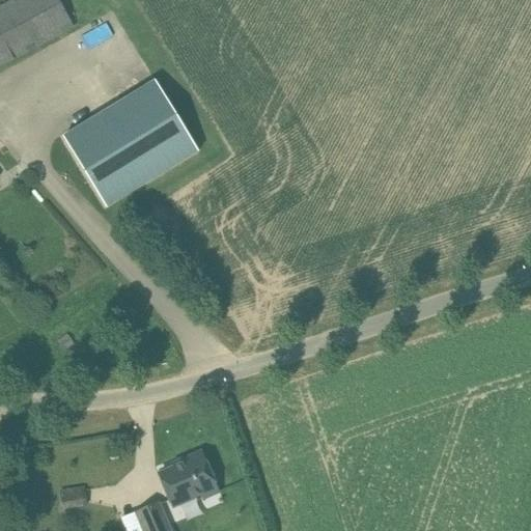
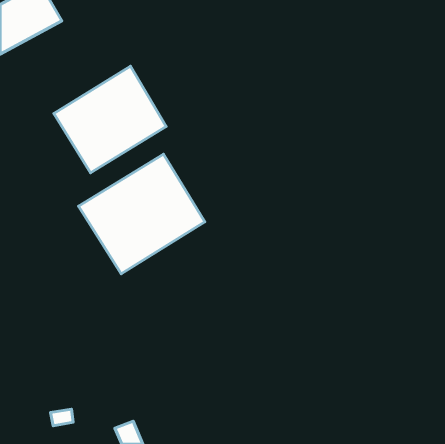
building: none -> [78,154,205,274]
building: [159,450,217,505] -> none

